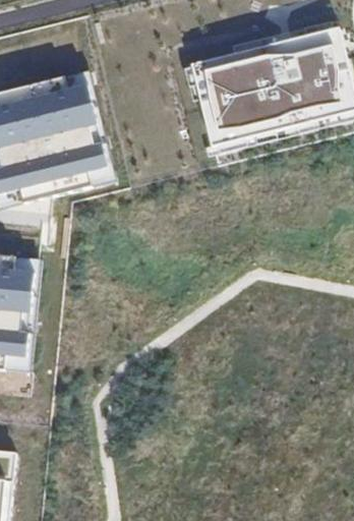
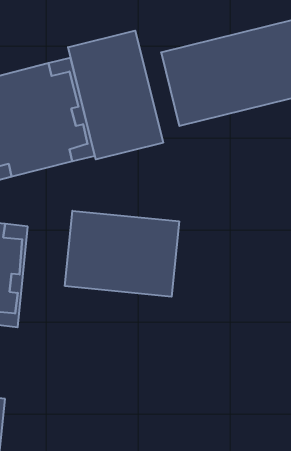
building: none -> [68,31,163,159]
building: none -> [65,211,179,297]

